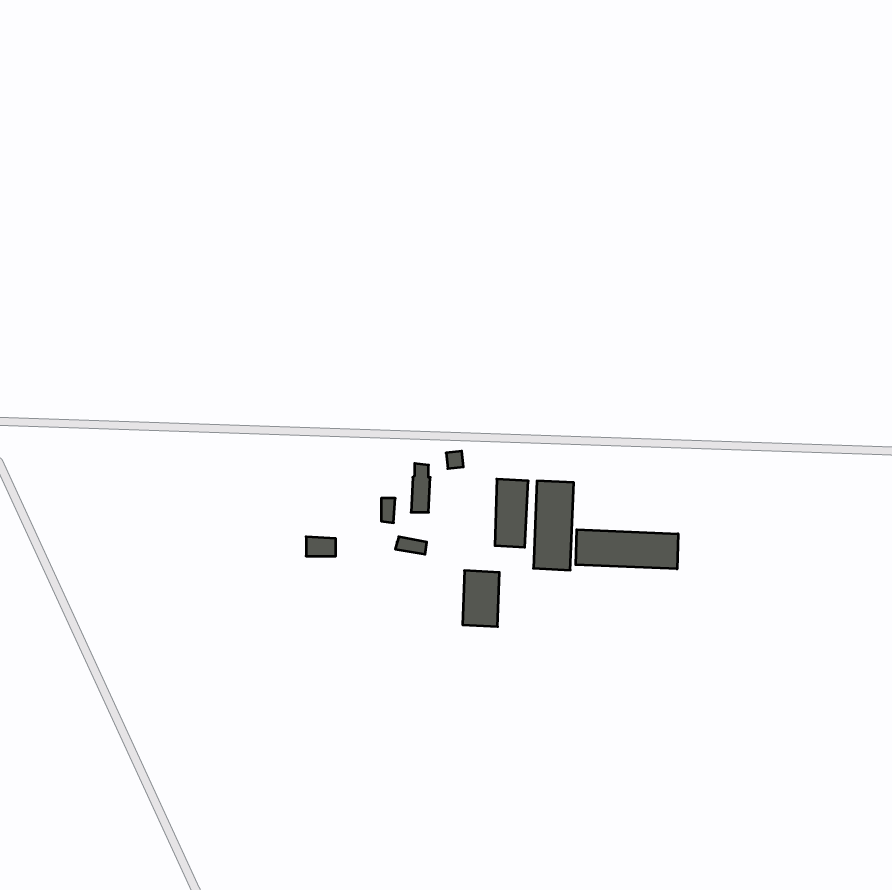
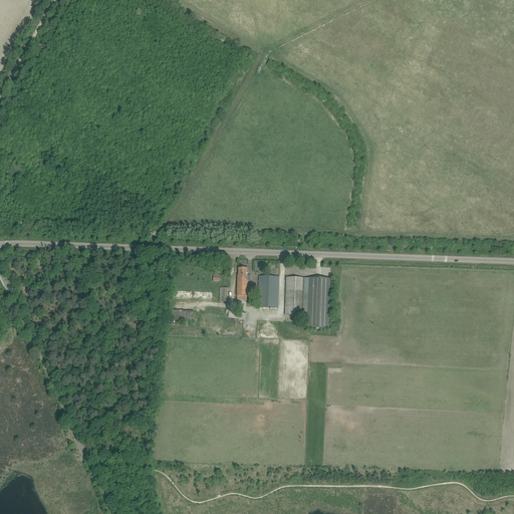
building: [576,530,678,569] -> none
building: [463,571,499,627] -> [257,274,278,306]

